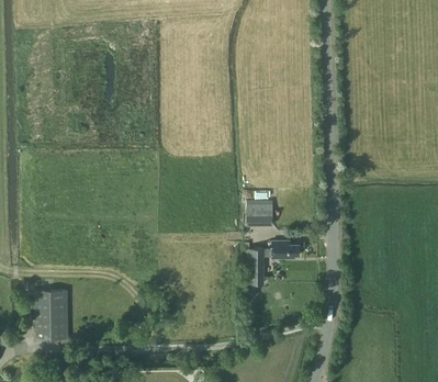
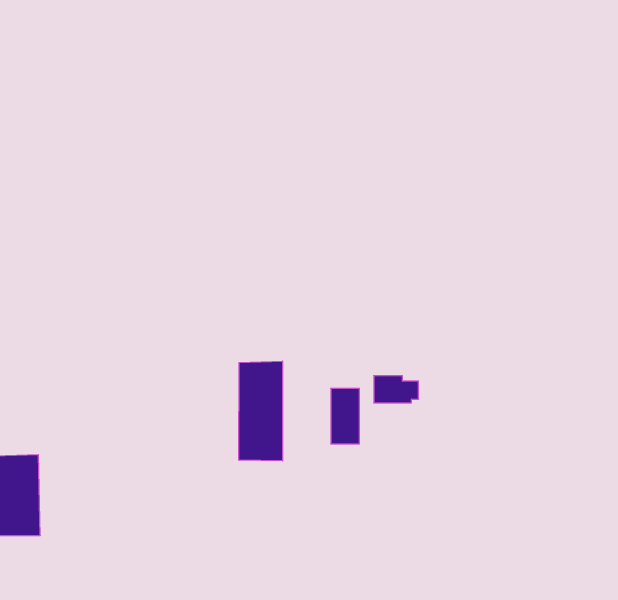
building: [246,203,272,225] -> none
building: none -> [239,361,283,461]

